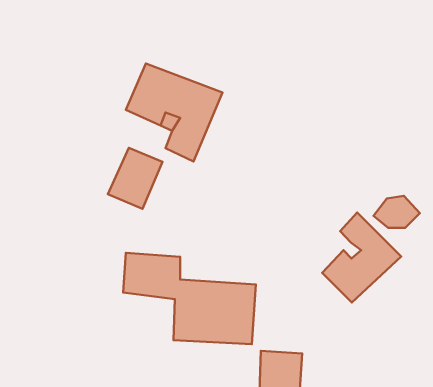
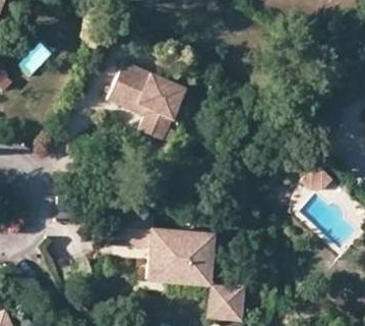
building: [108,148,163,209] -> none
building: [322,212,401,302] -> none

